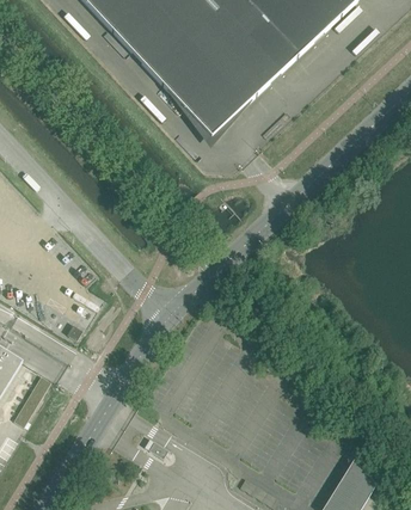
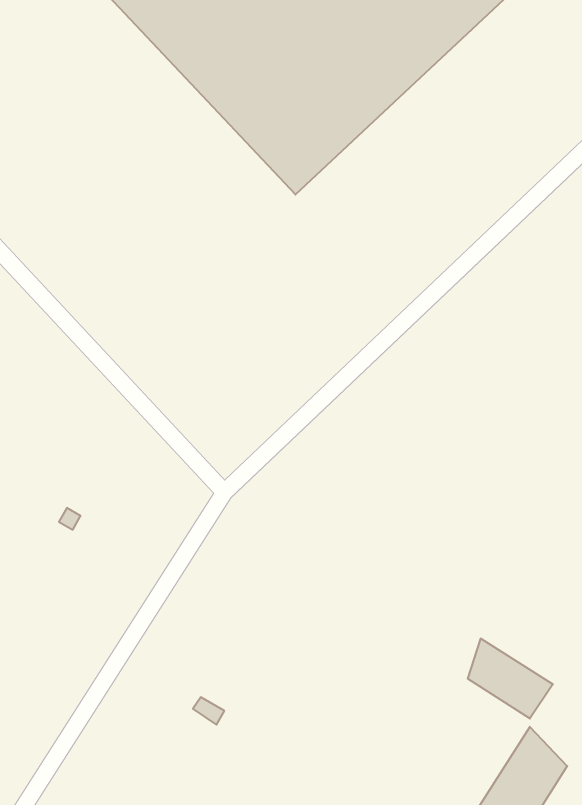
building: none -> [468,638,553,719]

